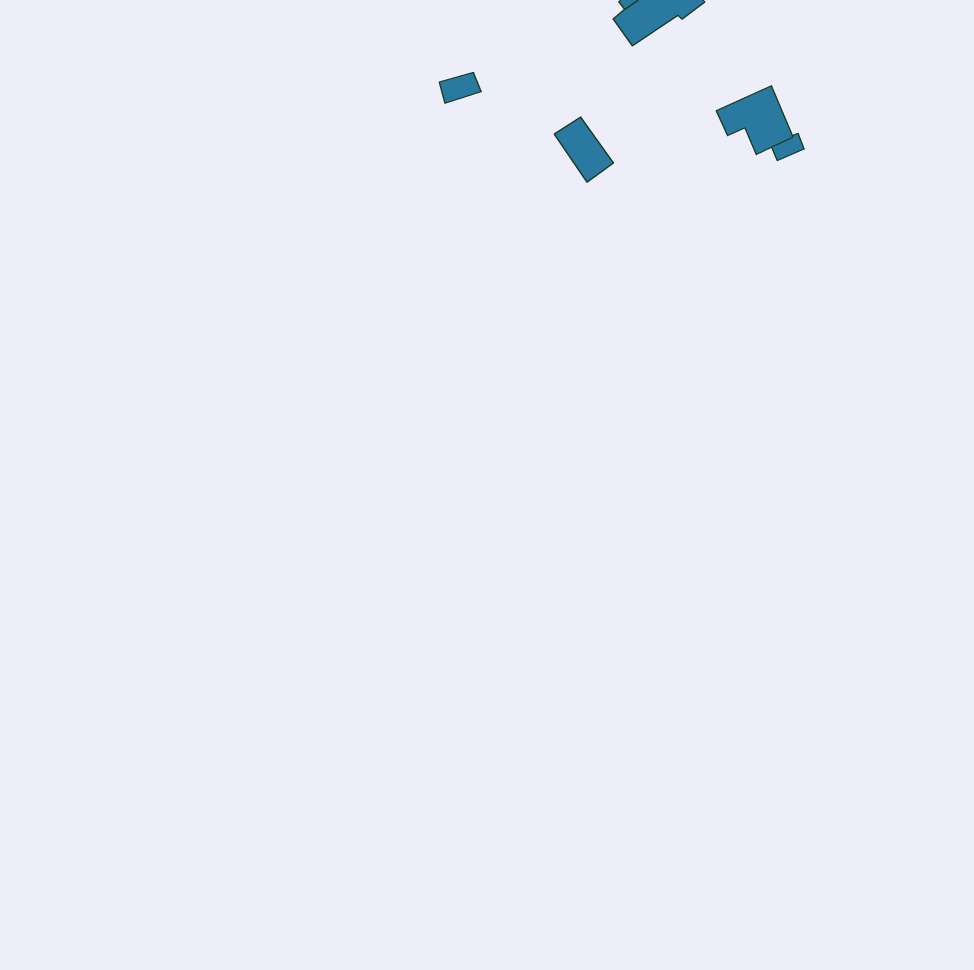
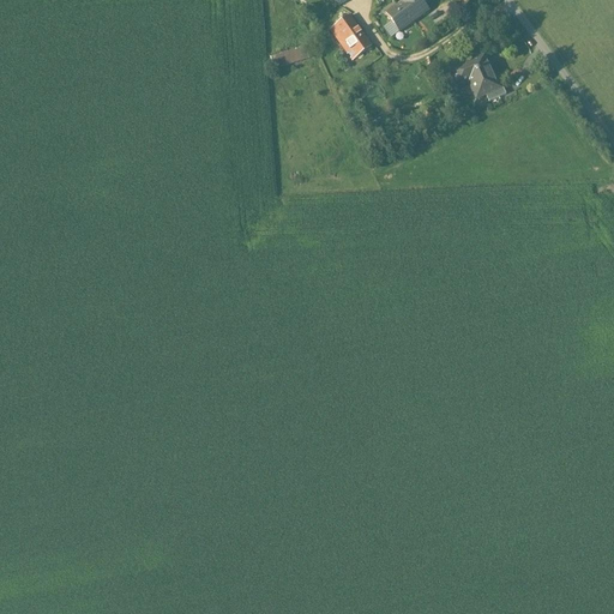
building: [554,117,613,182] -> [331,17,368,58]

